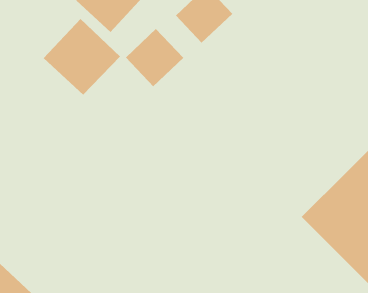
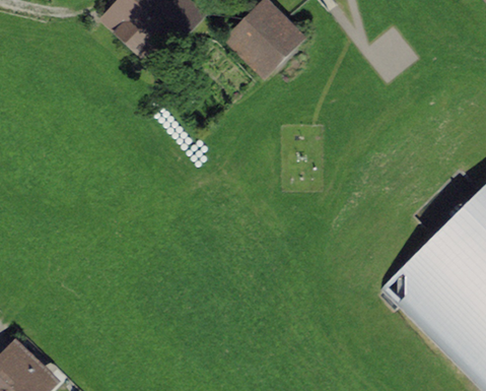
building: [43,18,121,96] -> none
building: [125,28,184,87] -> none

